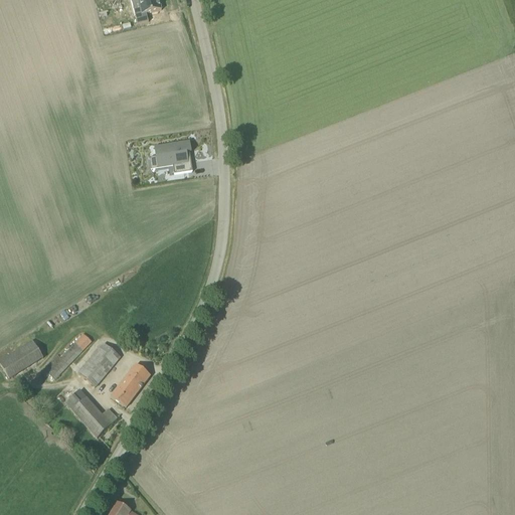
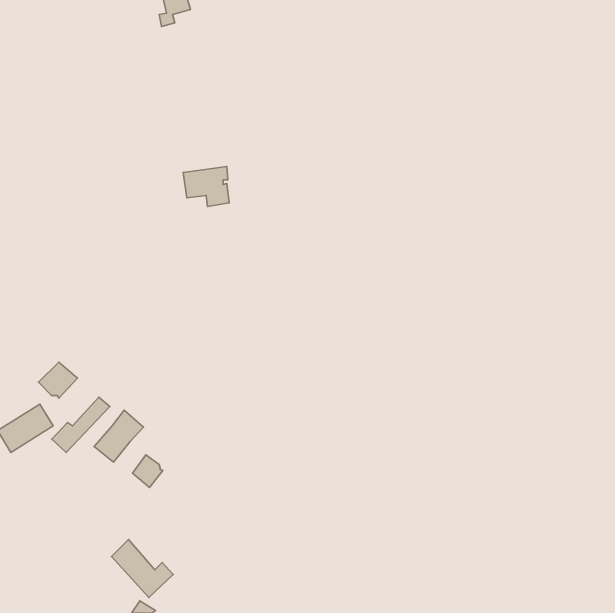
building: none -> [39,362,78,398]
building: [122,363,149,392] -> none
building: [64,388,116,437] -> [112,540,173,597]

